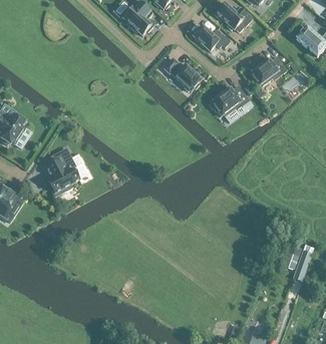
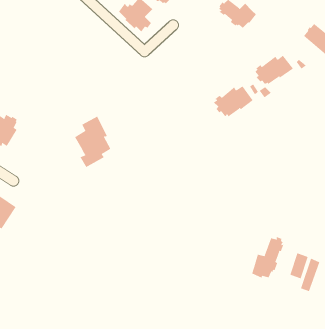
building: [193,25,230,50] -> none
building: [164,57,202,90] -> none
building: [44,147,79,197] -> [74,116,111,168]
building: none -> [252,236,284,278]

